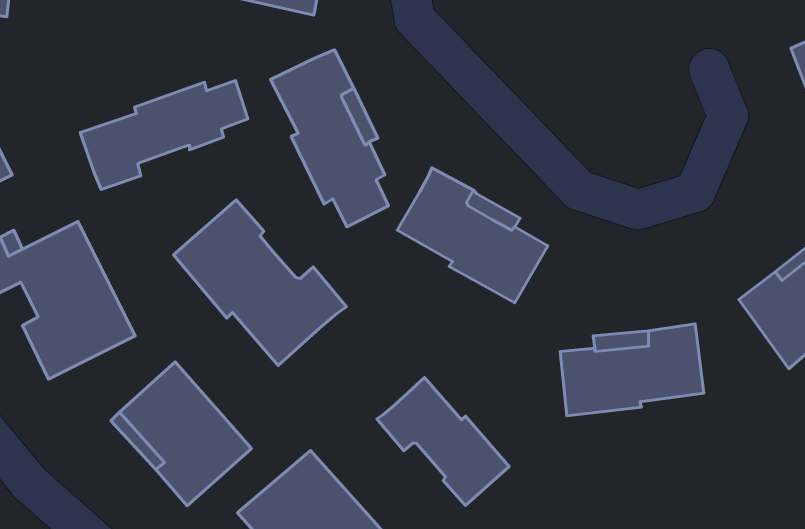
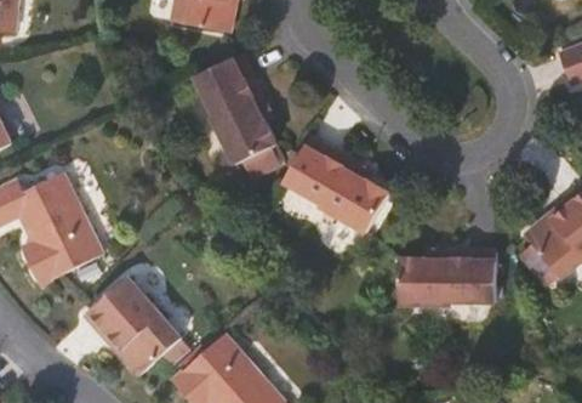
building: [80,81,248,190] -> none
building: [173,200,346,365] -> none
building: [377,378,509,505] -> none

